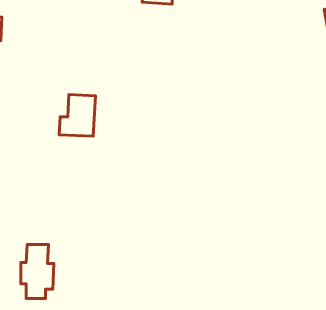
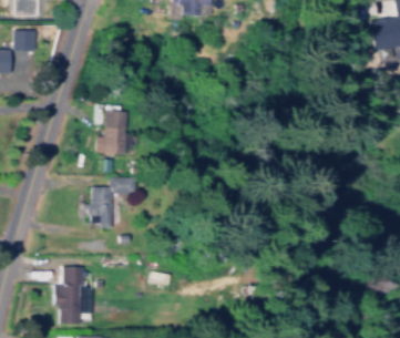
building: none -> [83,177,135,225]

